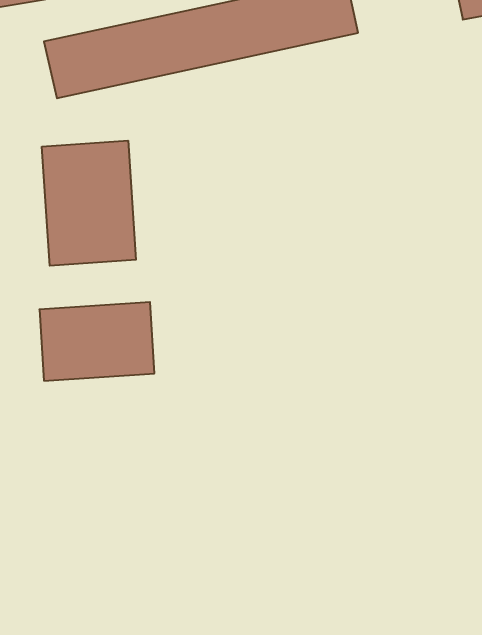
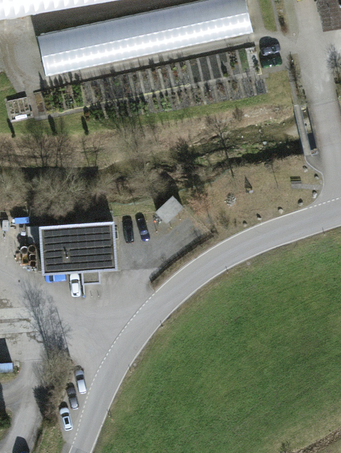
building: [42,141,136,266] -> none

